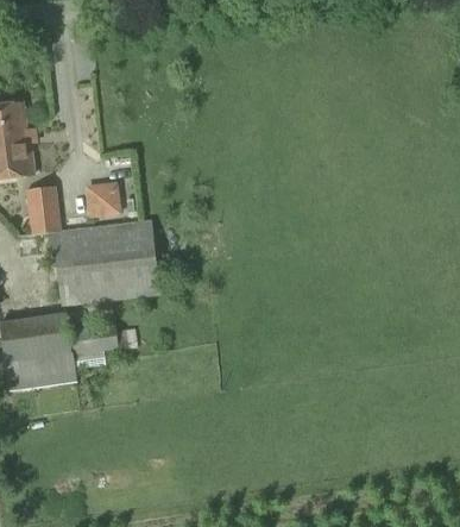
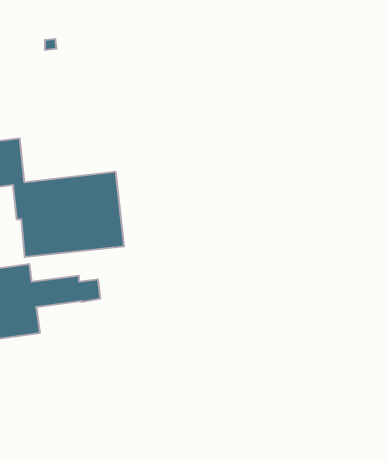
building: [84,181,121,218] -> none

